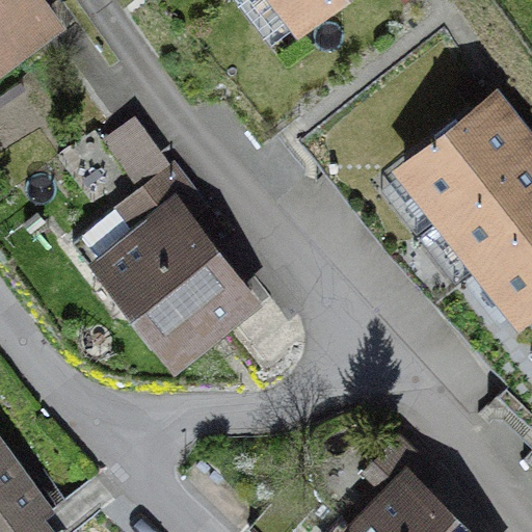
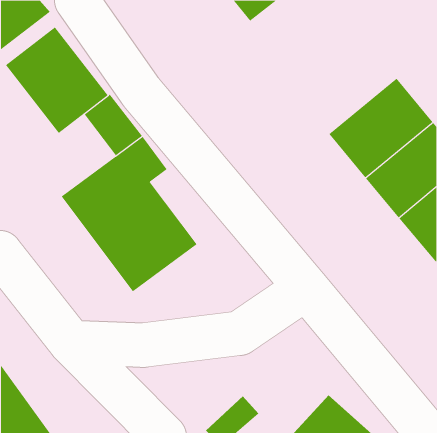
building: none -> [5,26,108,134]

